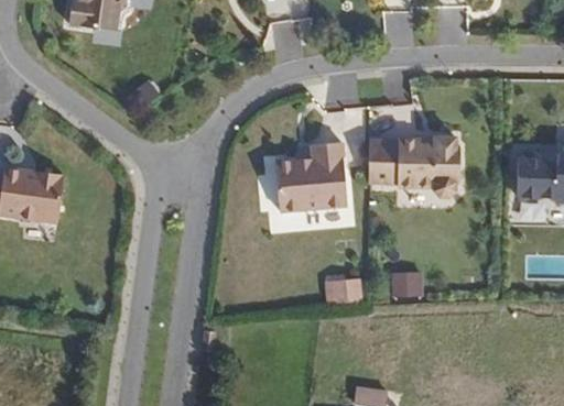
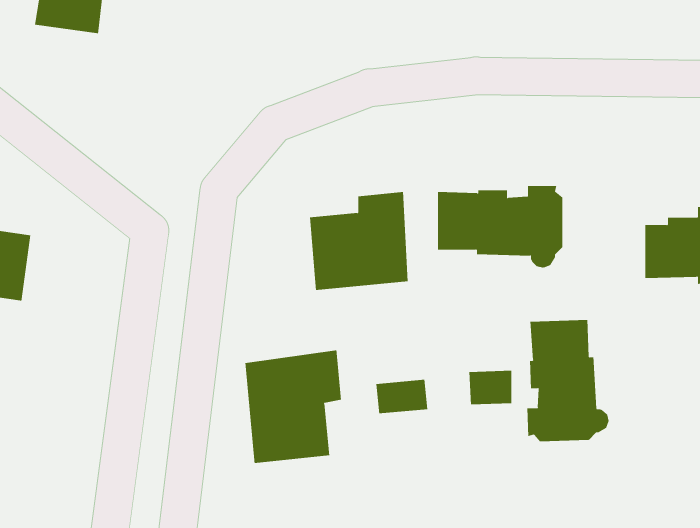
building: none -> [527,319,609,442]
building: none -> [245,349,342,464]

